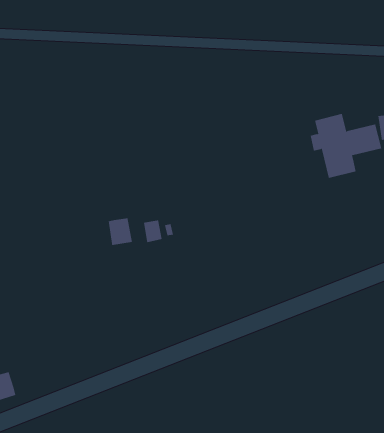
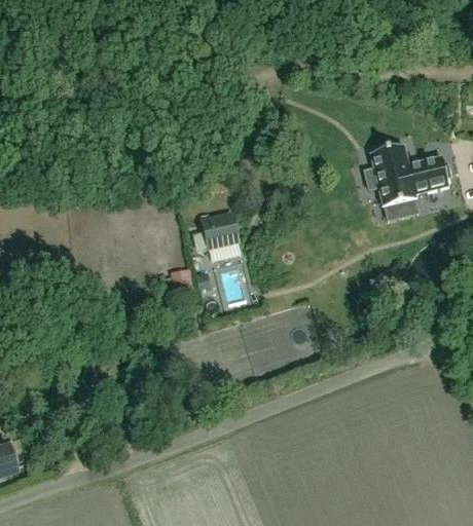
building: none -> [198,209,239,249]
building: [108,218,132,246] -> none

